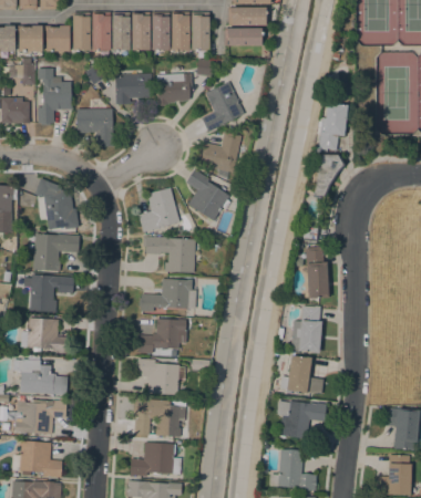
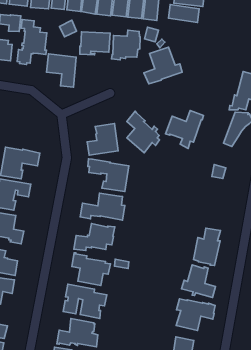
building: [196,132,242,180] -> [166,111,203,149]
building: [34,178,79,229] -> none
building: [305,248,329,298] -> none

